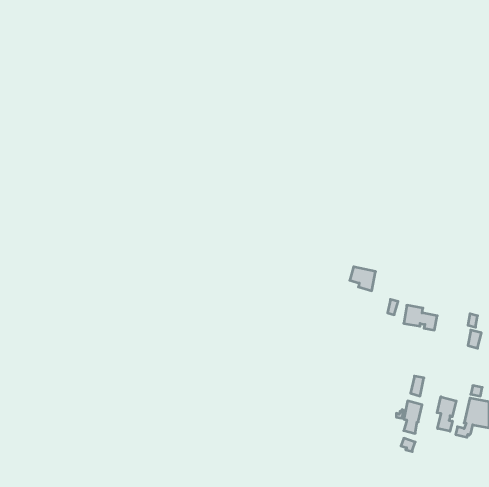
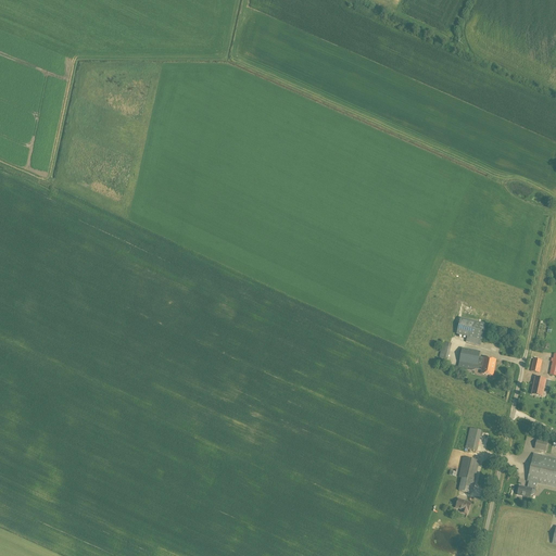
building: [350,267,376,291] -> [456,317,485,344]
building: [437,397,456,431] -> none

